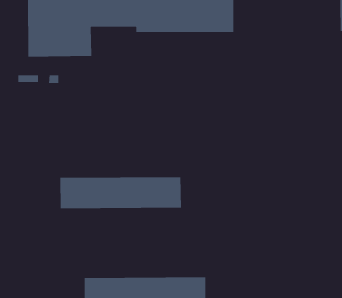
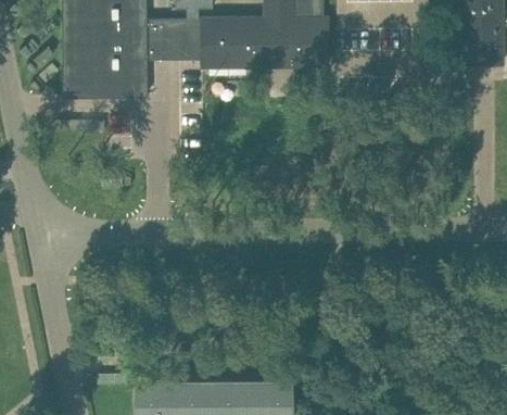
building: [60,176,181,209] -> none

